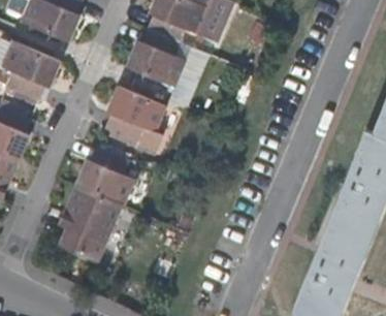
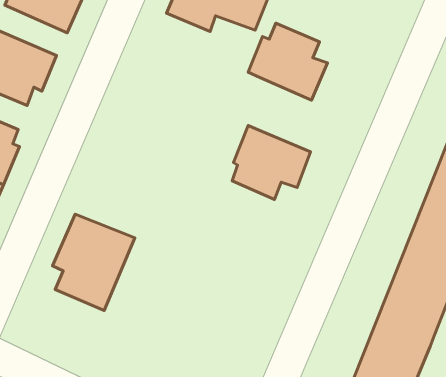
building: [125,28,187,88] -> [248,23,328,100]
building: [105,85,166,143] -> [232,125,310,199]
building: [75,147,135,204] -> none

